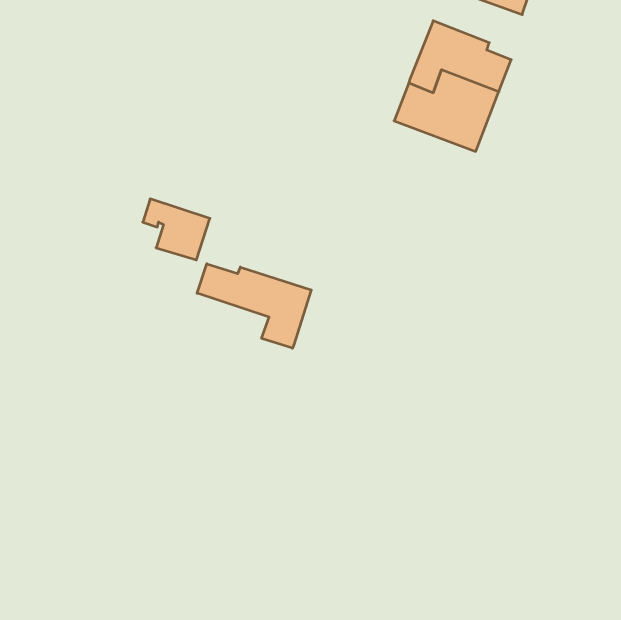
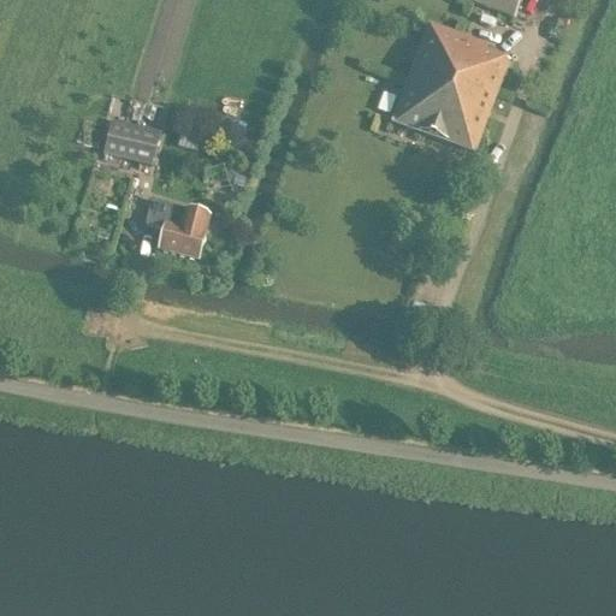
building: none -> [106,120,159,164]
building: [197,264,311,348] -> none

